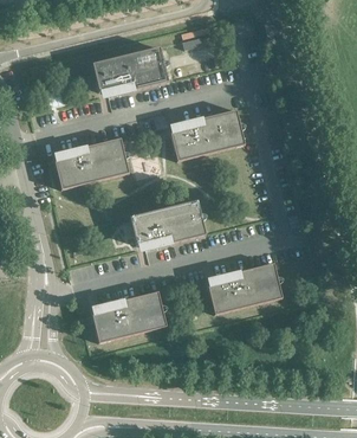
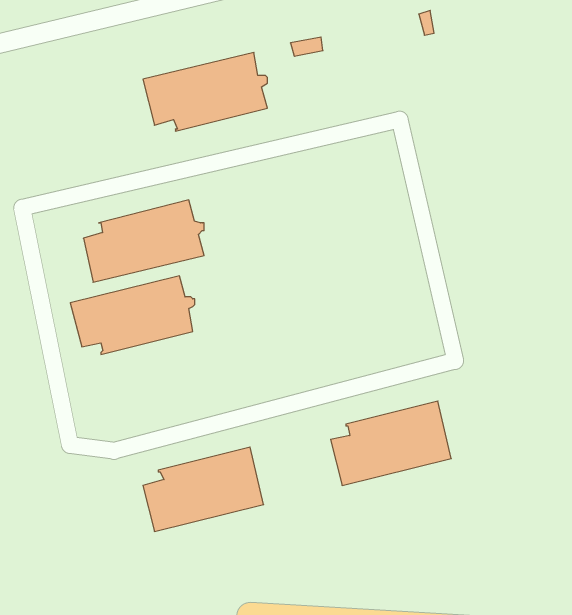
building: [169,109,245,160] -> none
building: [129,200,206,249] -> [70,276,195,354]

